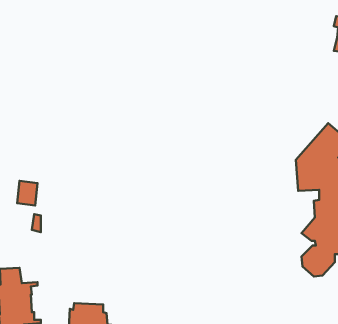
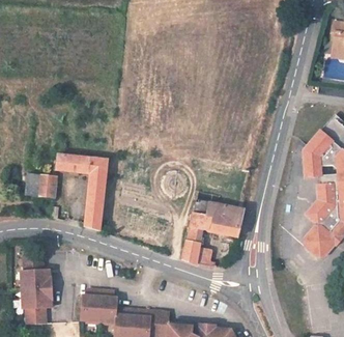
building: none -> [55,156,107,231]
building: none -> [182,205,246,266]

